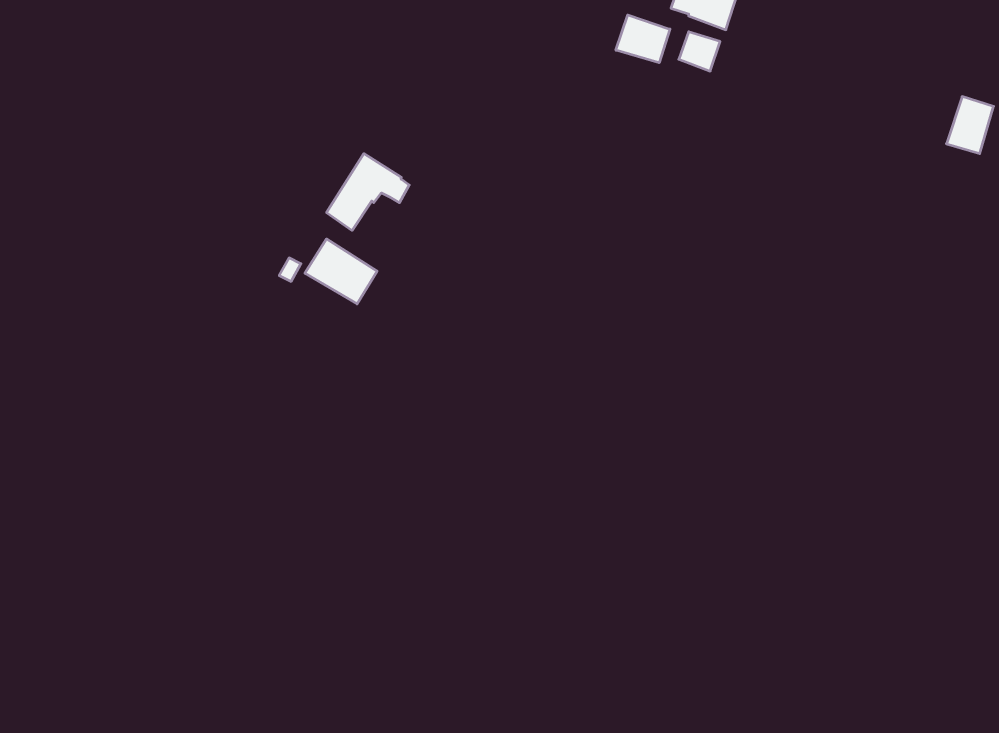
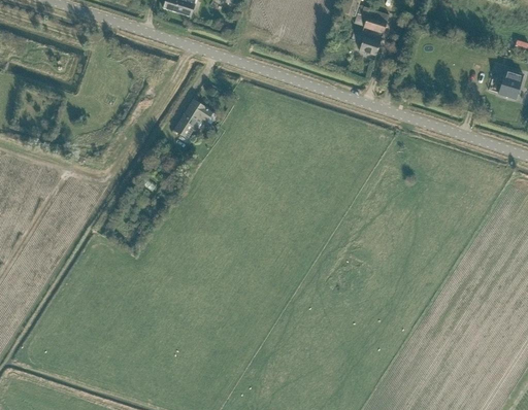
building: [616,15,670,63] -> none
building: [305,239,377,304] -> none

